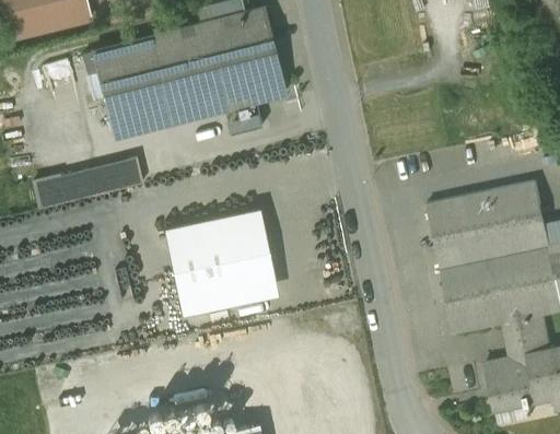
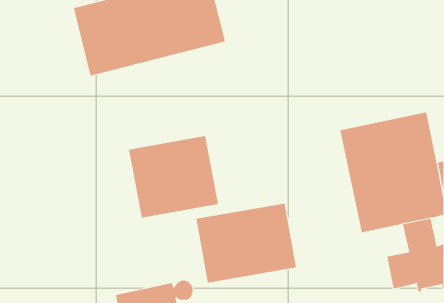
building: [34,159,142,206] -> none
building: none -> [196,203,297,283]

